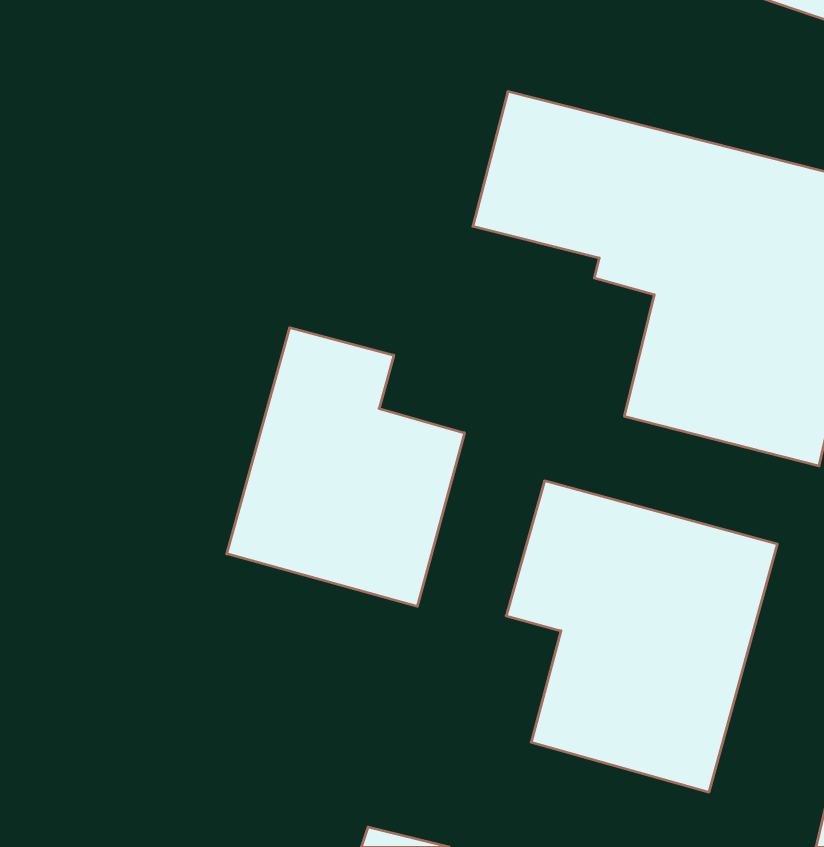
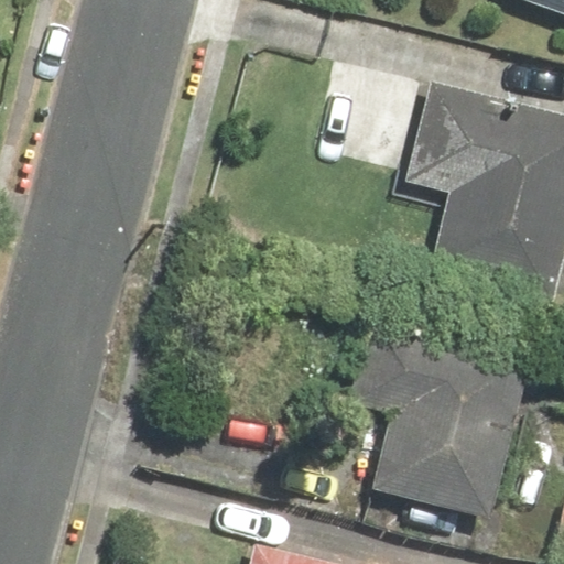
building: [227,328,464,606] -> none

